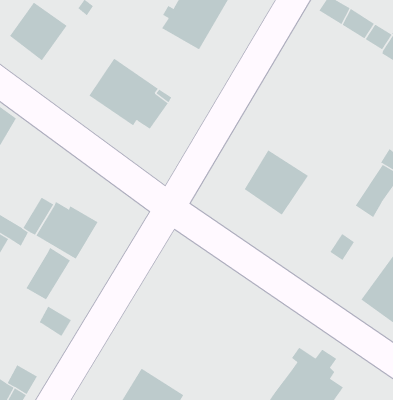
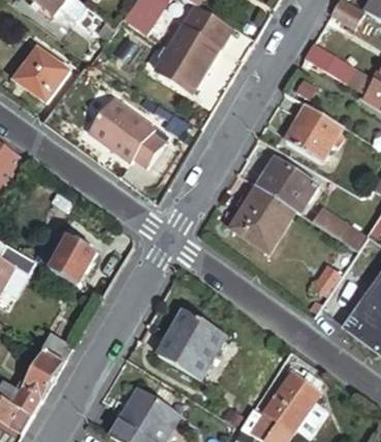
building: none -> [285,103,341,159]
building: none -> [256,157,317,212]
building: [26,247,71,300] -> [21,348,63,398]
building: none -> [157,311,226,381]

